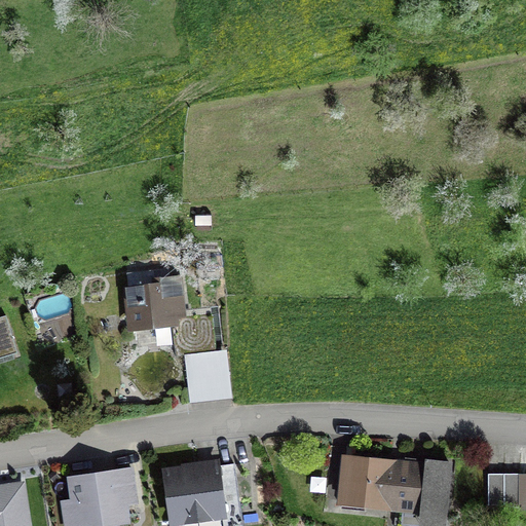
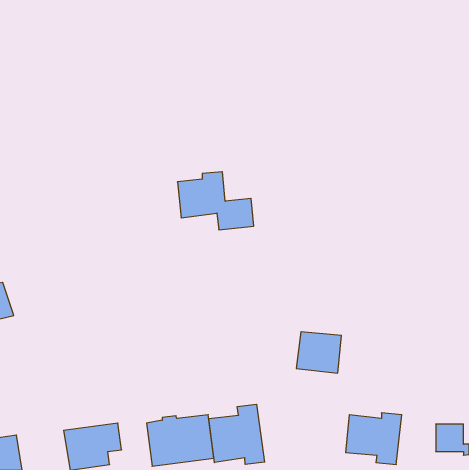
building: [126,277,212,342] -> [177,172,254,230]
building: none -> [209,404,265,464]
building: [339,459,389,505] -> [296,332,341,373]

